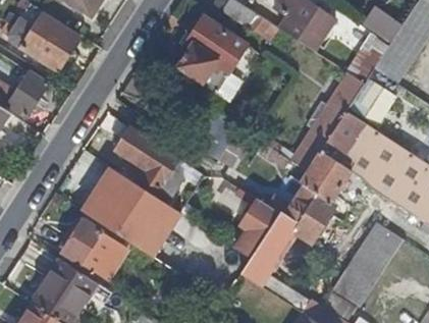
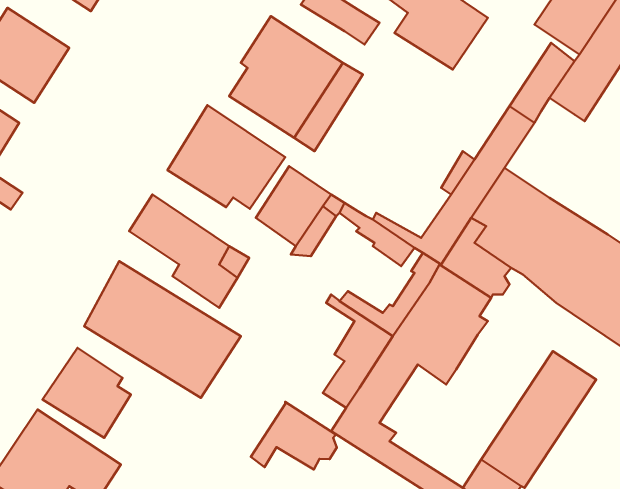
building: none -> [167,105,285,209]
building: [345,75,396,128] -> none
building: none -> [251,402,337,470]

